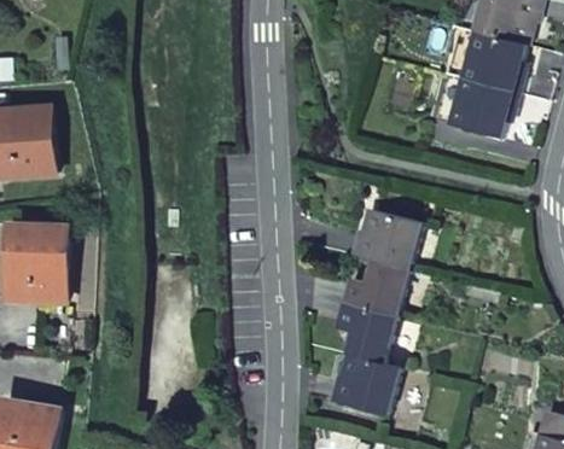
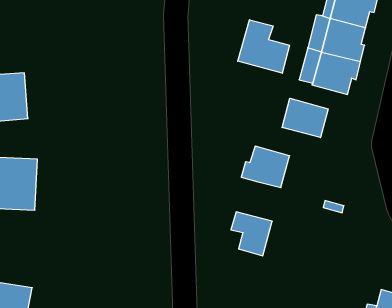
building: none -> [238,20,289,73]
building: none -> [282,98,328,138]
building: [345,260,408,315] -> none
building: [332,354,399,413] -> none

